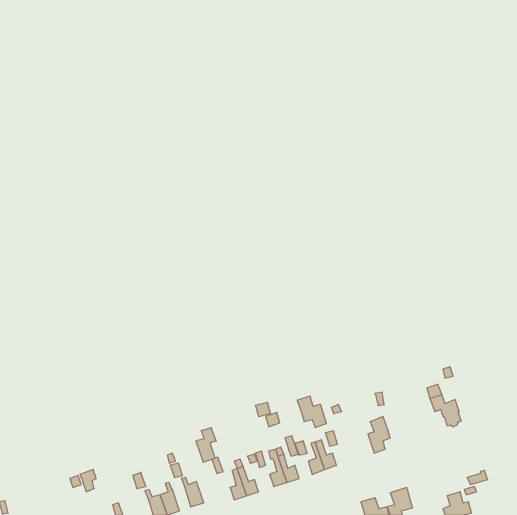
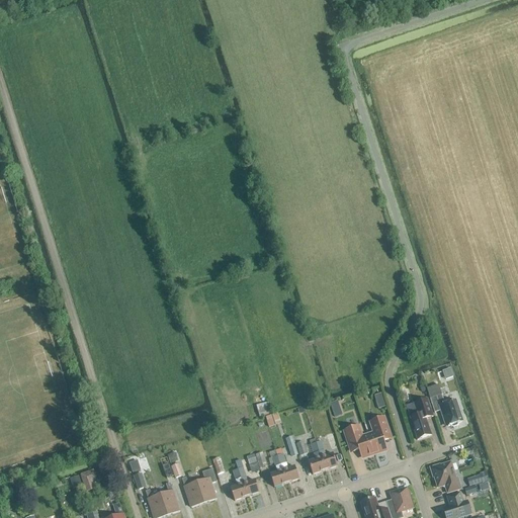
building: [297,396,326,428] -> [344,425,373,456]
building: none -> [407,398,432,438]
building: [196,428,216,462] -> [196,467,217,502]
building: none -> [430,461,460,492]

